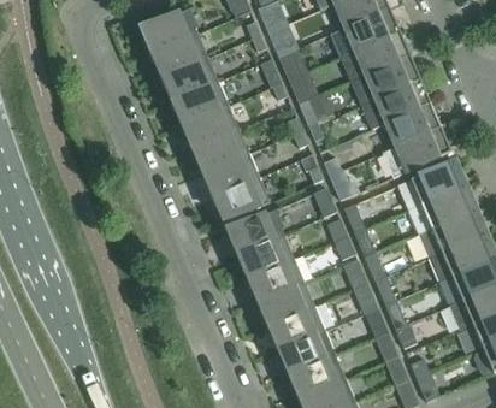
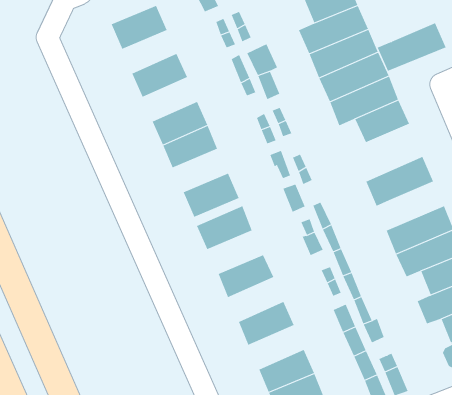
building: [153,34,208,77] -> none
building: [173,81,229,125] -> none
building: [383,128,453,177] -> [377,22,446,72]
building: [203,153,260,196] -> none
building: [407,185,477,235] -> none
building: [238,235,295,278] -> none
building: [259,282,315,326] -> none
building: [279,330,336,374] -> none

